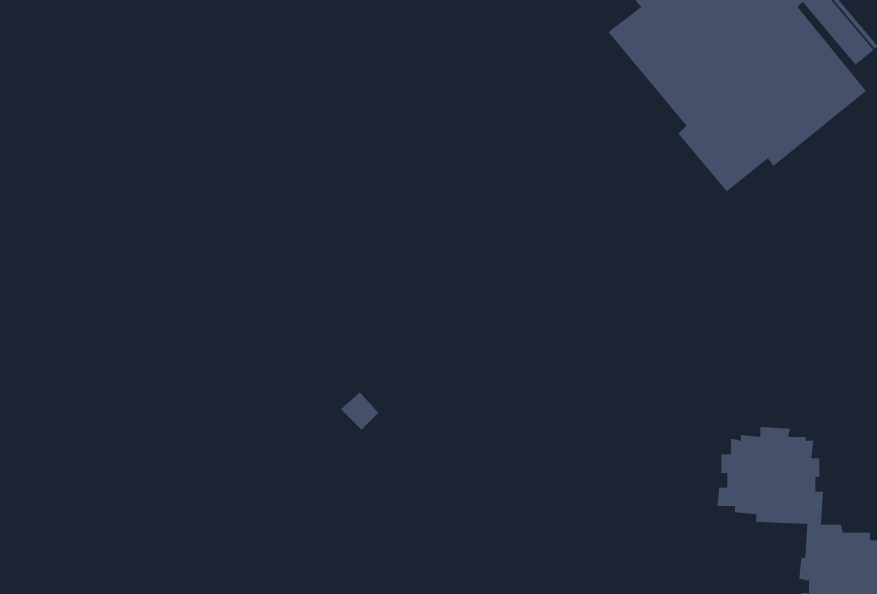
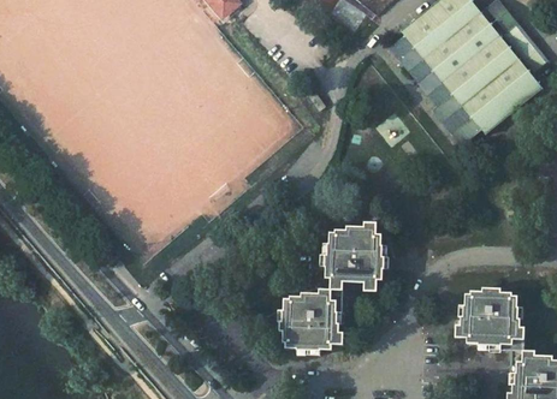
building: none -> [275,222,385,356]

